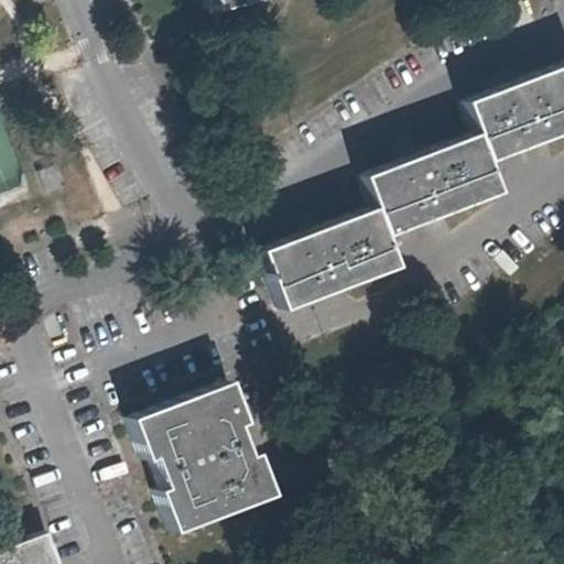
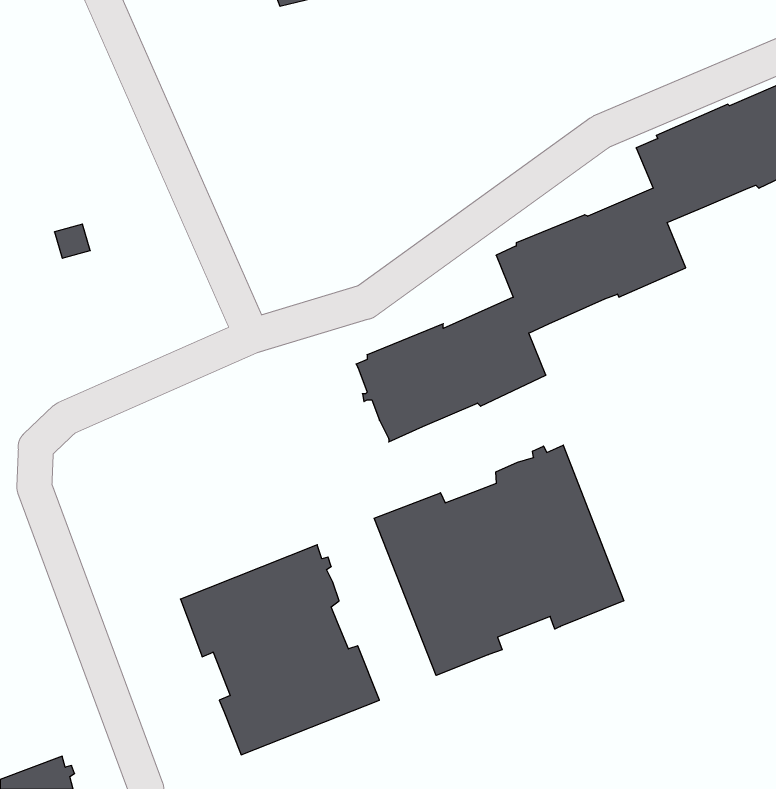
building: none -> [374,445,624,675]

